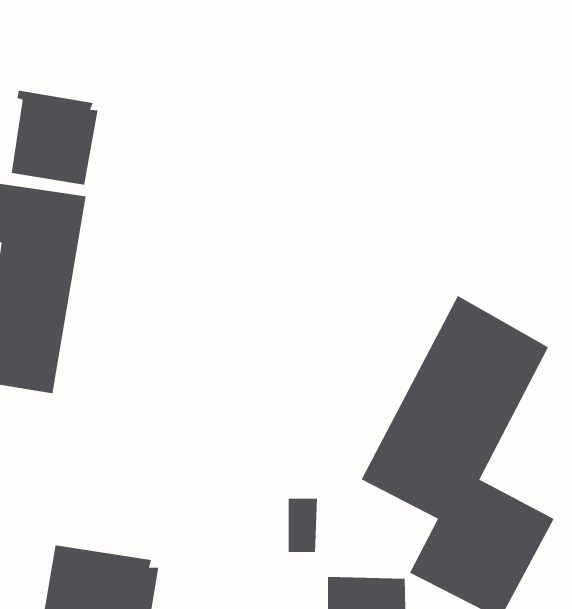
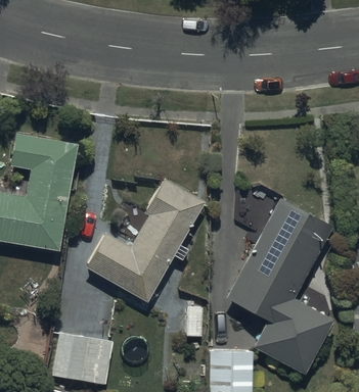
building: [11,90,98,185] -> none
building: none -> [85,177,205,302]

